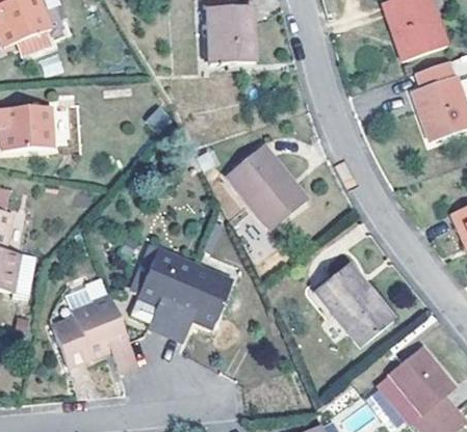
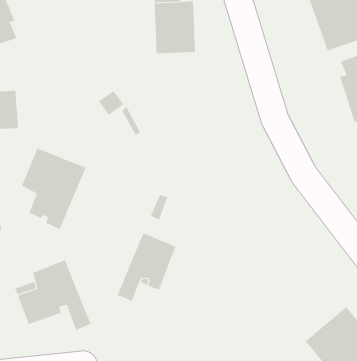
building: [226,144,307,230] -> none
building: [122,242,194,333] -> [21,148,86,230]
building: [314,263,394,347] -> none

